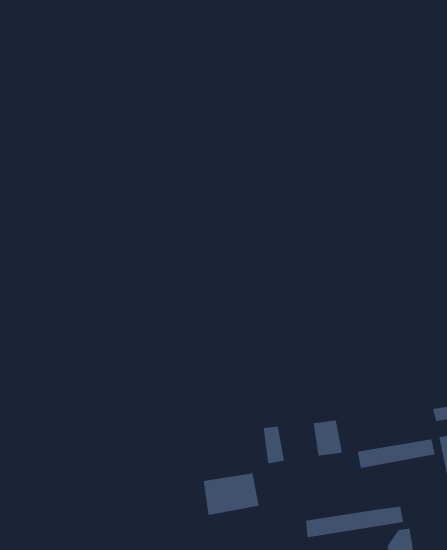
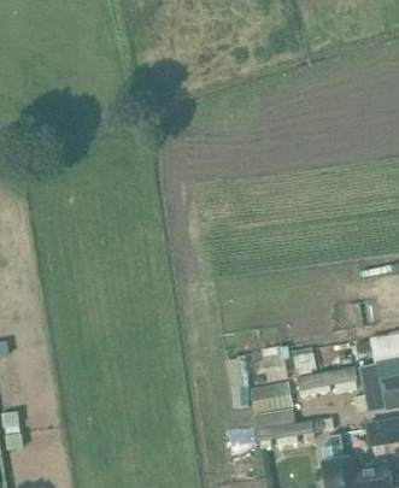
building: [203,473,259,515] -> [250,382,293,414]

